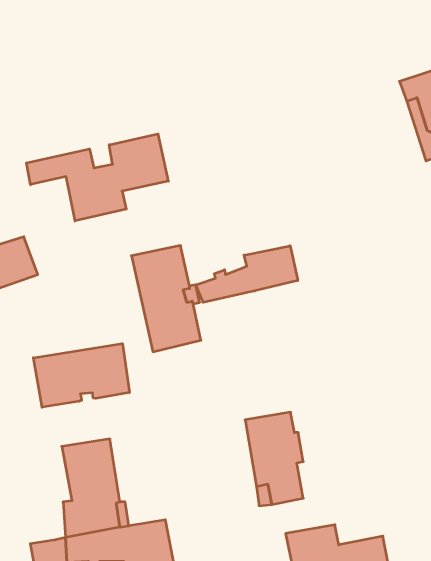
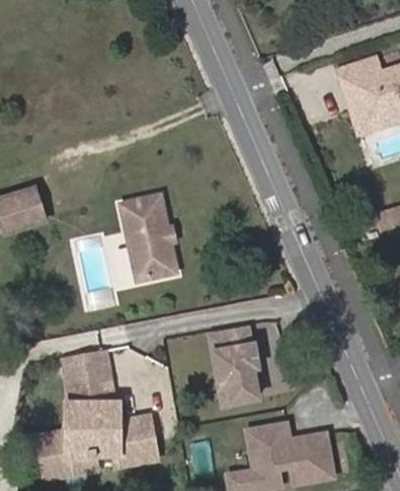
building: [26,134,168,221] -> none
building: [196,246,298,302] -> none
building: [33,344,129,407] -> none

